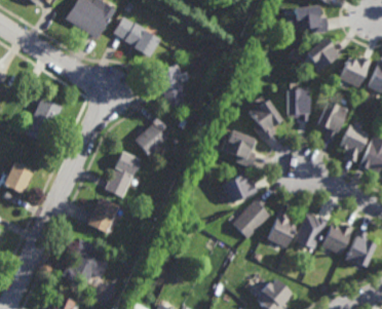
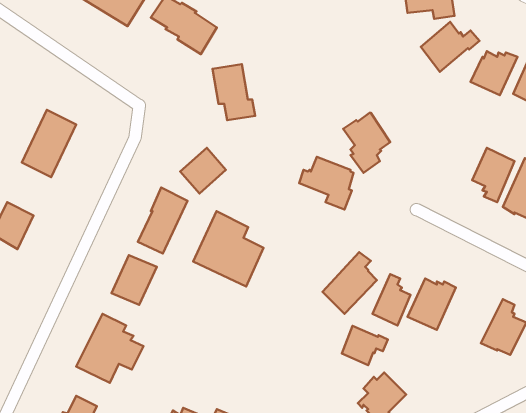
building: [285,87,307,121] -> none
building: [315,101,347,138] -> none
building: none -> [193,211,263,286]
building: [223,173,259,204] -> none
building: [321,224,354,256] -> none
building: none -> [342,326,388,365]

